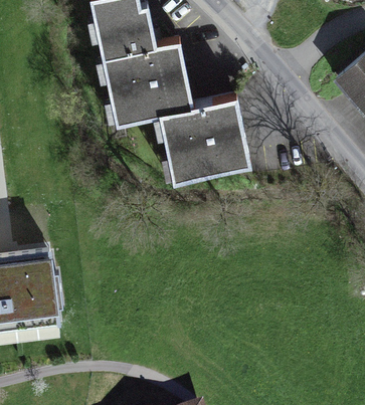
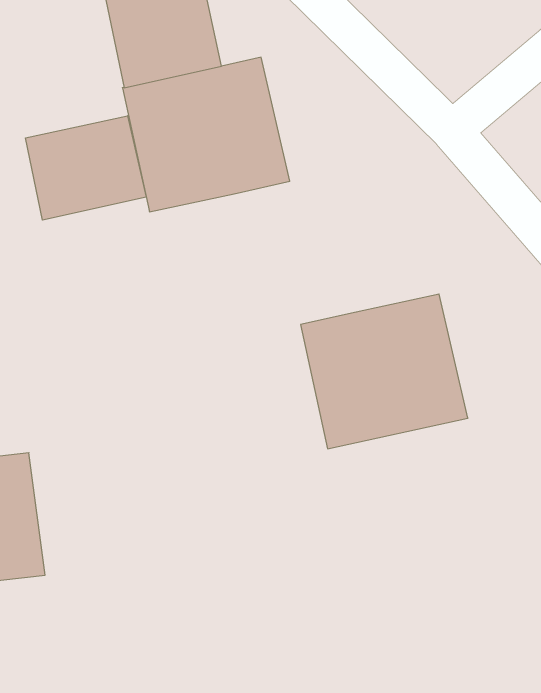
building: none -> [26,116,146,220]
building: [161,96,254,183] -> [301,294,468,449]

